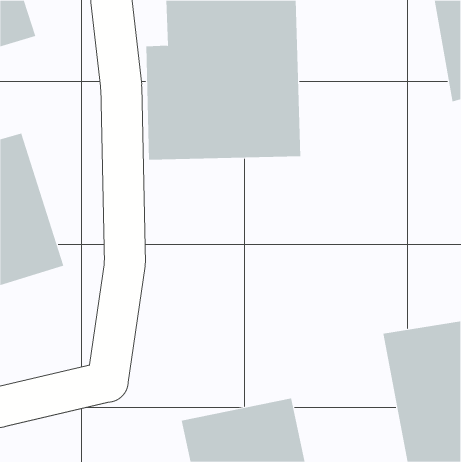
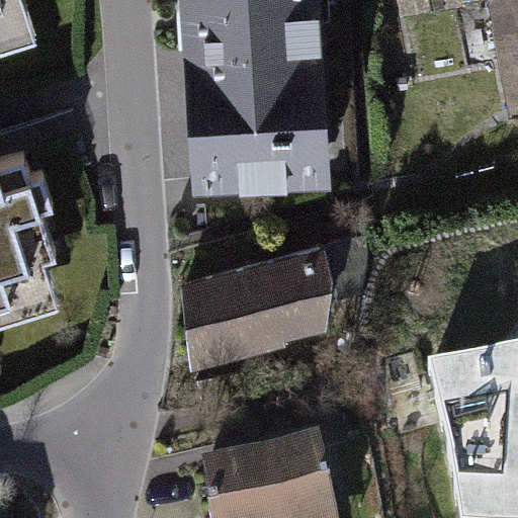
building: none -> [185,245,342,356]

